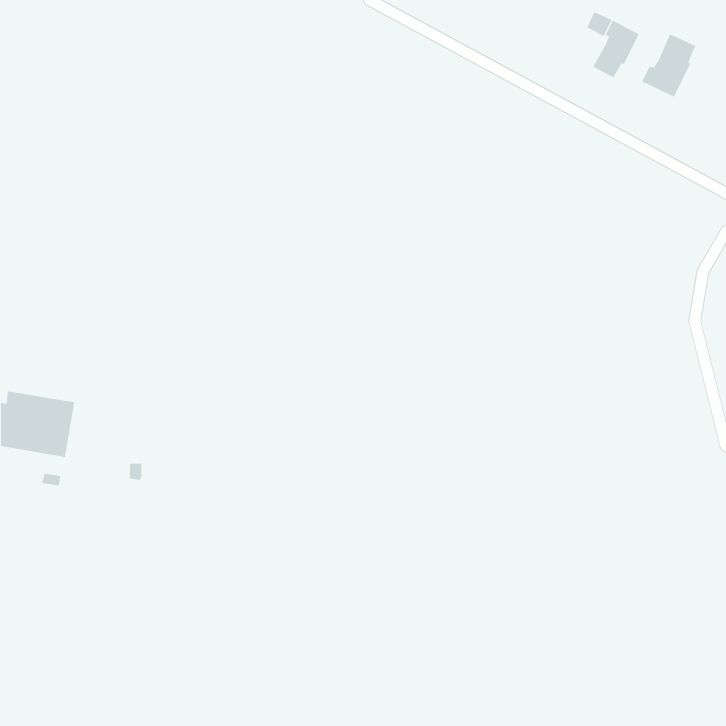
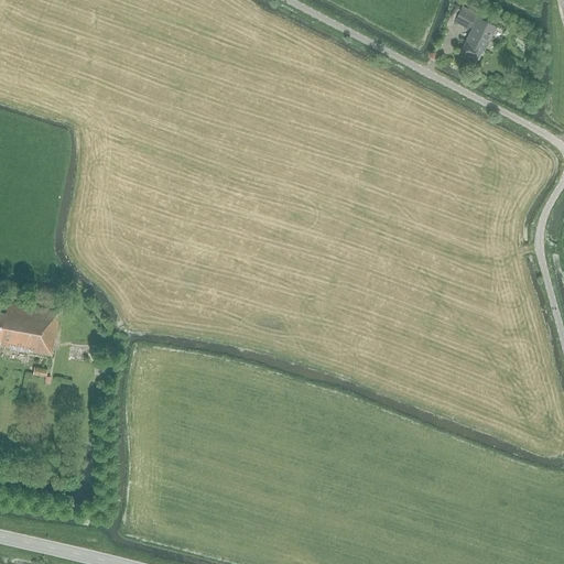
building: [641,33,696,97] -> none

